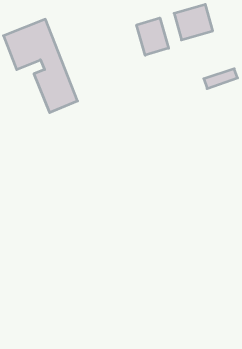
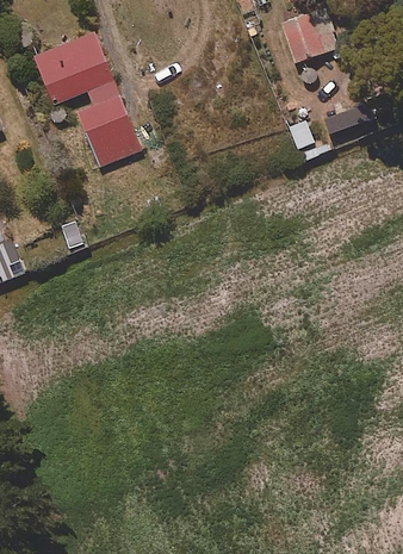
building: [137,18,169,55] -> none

